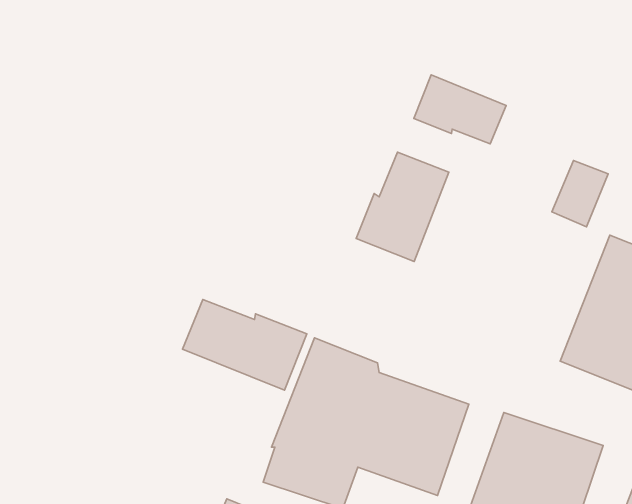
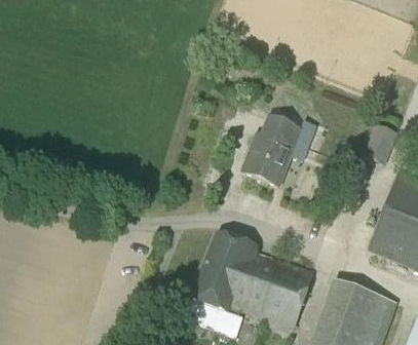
building: [414,75,506,144] -> none
building: [183,300,307,390] -> none

